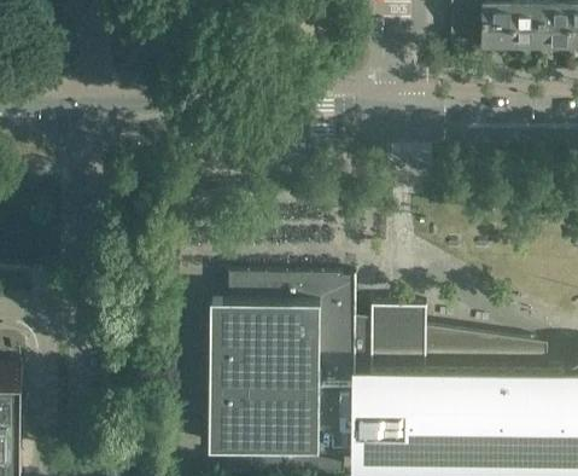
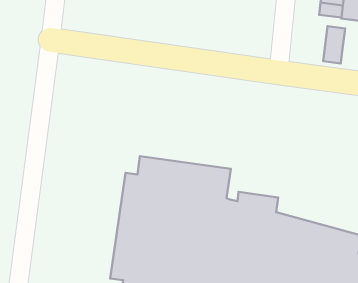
building: none -> [323,26,345,63]

